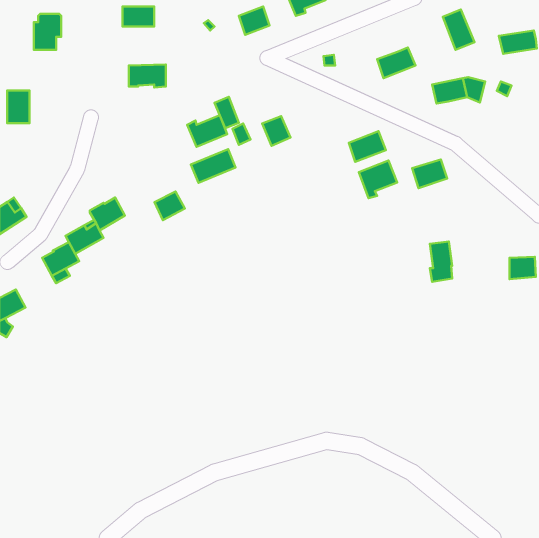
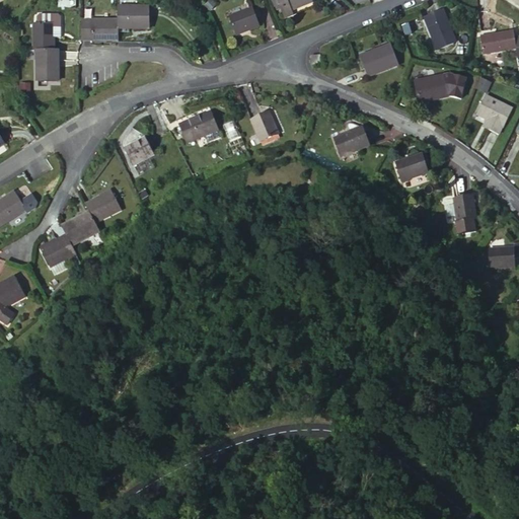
building: [129,64,166,88] -> [81,17,117,40]
building: [7,90,29,123] -> [36,48,58,79]
building: [215,97,239,128] -> none
building: none -> [477,94,511,131]
building: [191,149,236,183] -> none
building: [359,161,397,198] -> none
building: [154,192,185,220] -> [125,137,154,164]
building: [430,242,452,282] -> [454,195,475,233]

